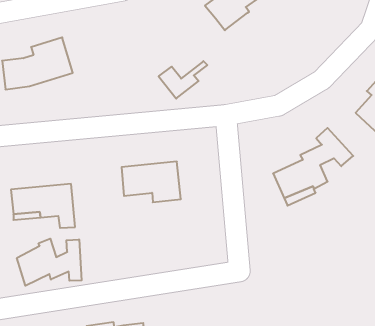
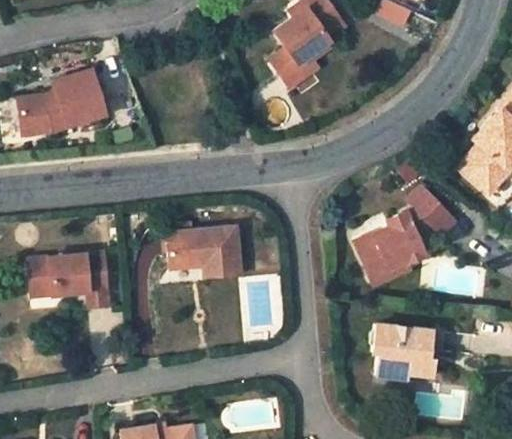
building: [159,61,207,99] -> [268,39,329,86]
building: none -> [378,320,442,379]
building: [17,239,82,286] -> none

